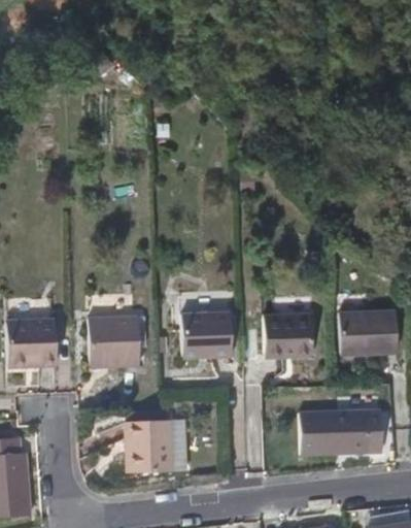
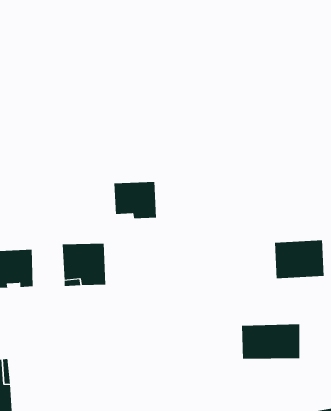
building: [182,311,234,356] -> [114,181,157,219]
building: [266,311,314,353] -> none
building: [127,421,174,474] -> none

